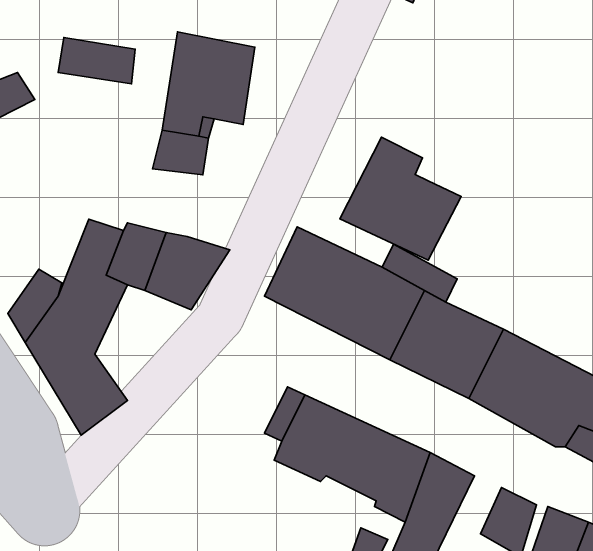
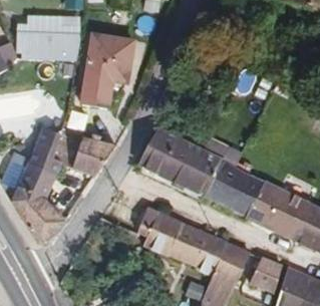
building: [340,137,461,260] -> none

